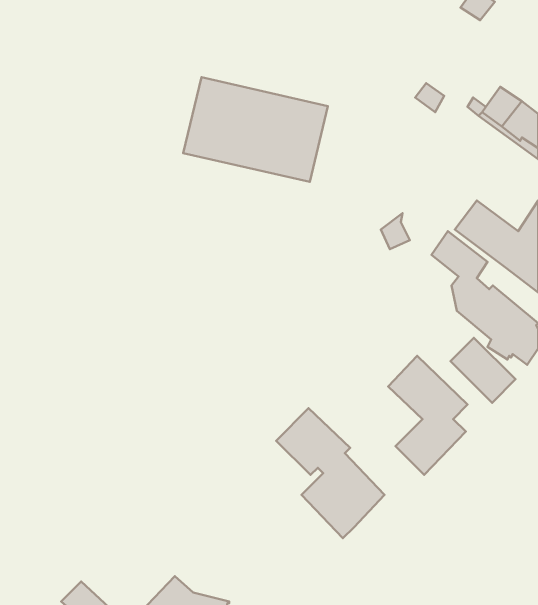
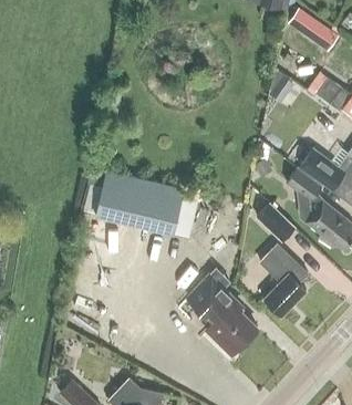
building: [183,77,328,182] -> [95,169,184,233]
building: [450,338,516,403] -> [256,202,296,242]

